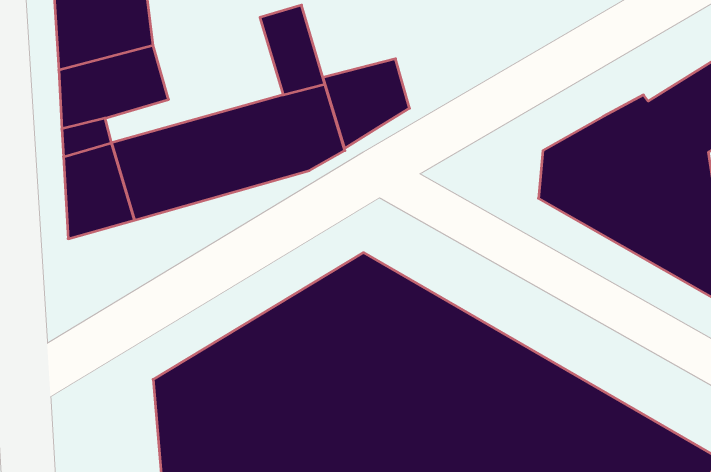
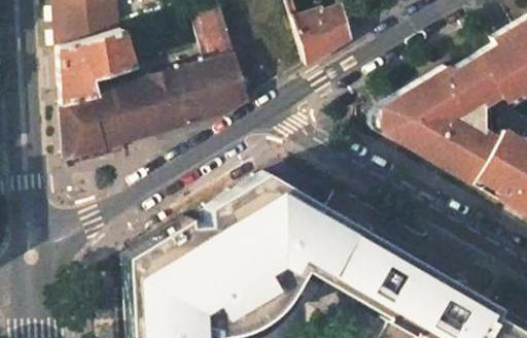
building: [323,59,410,149] -> [294,5,352,65]

